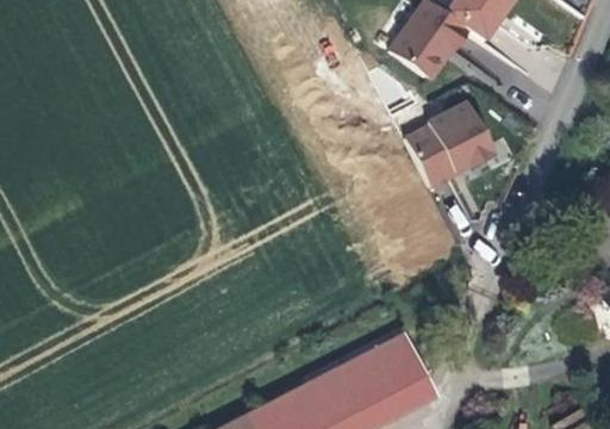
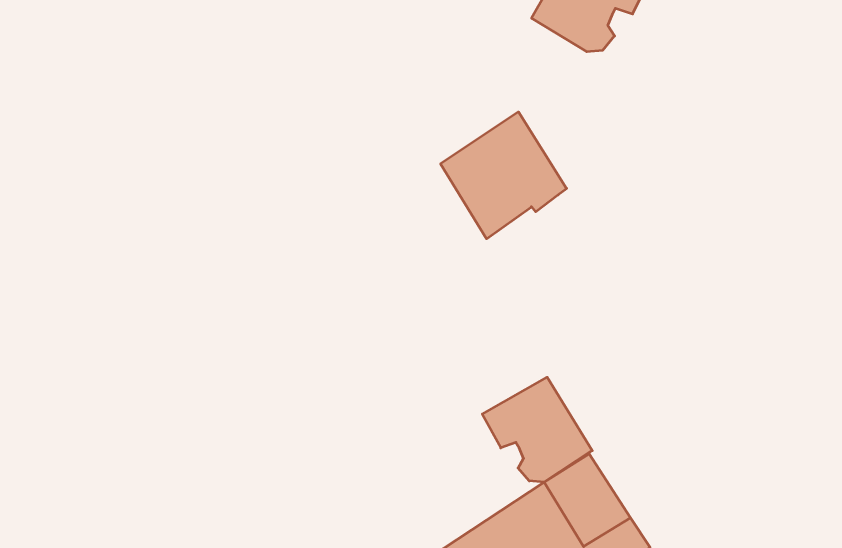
building: [413,101,493,181] -> [441,112,567,239]
building: none -> [482,377,592,482]

